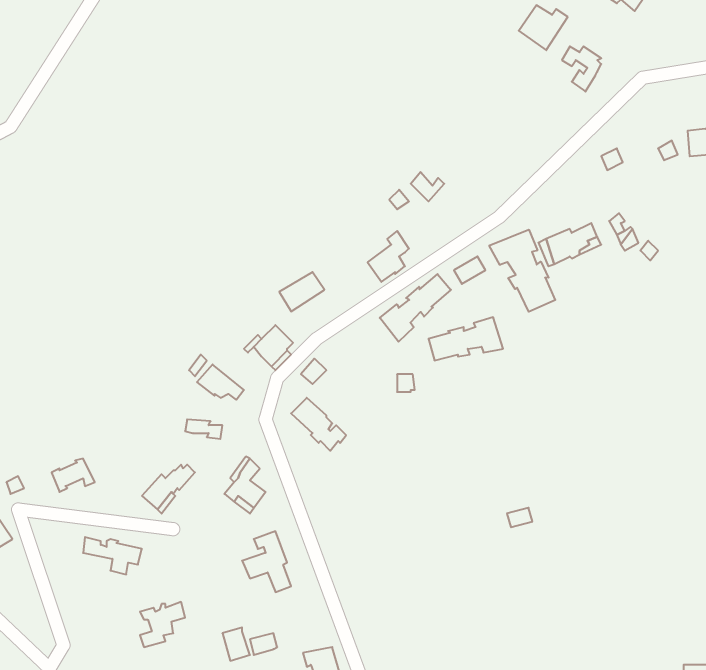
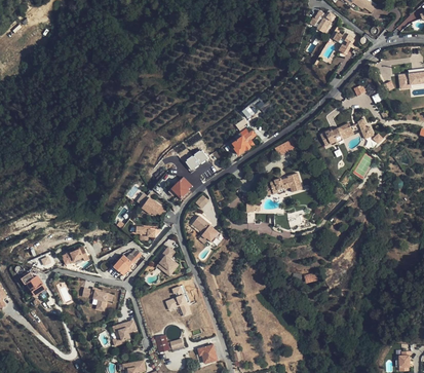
building: [489,230,555,312] -> none
building: [380,274,451,342] -> none

